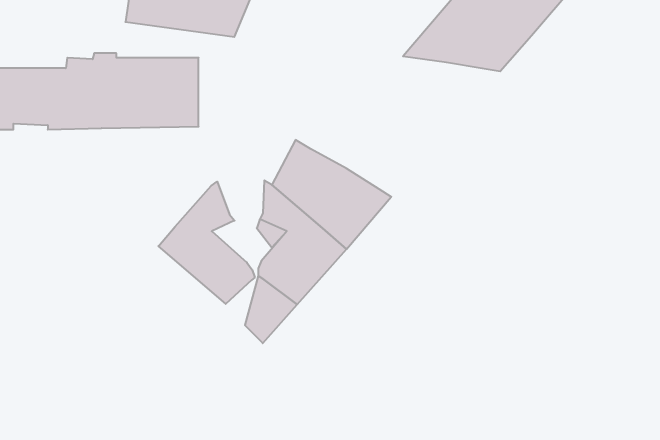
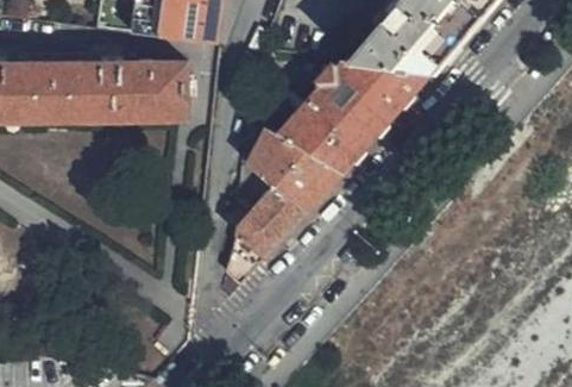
building: none -> [277,57,428,170]
building: [158,182,255,304] -> none

